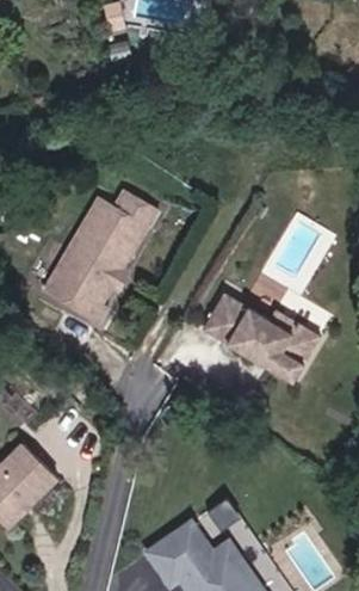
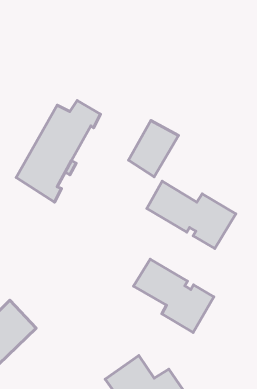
building: none -> [129,120,179,177]
building: none -> [134,259,214,332]

